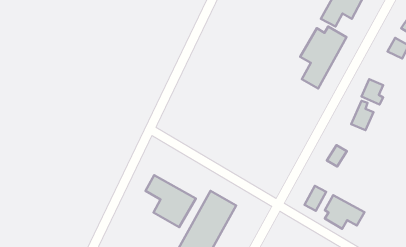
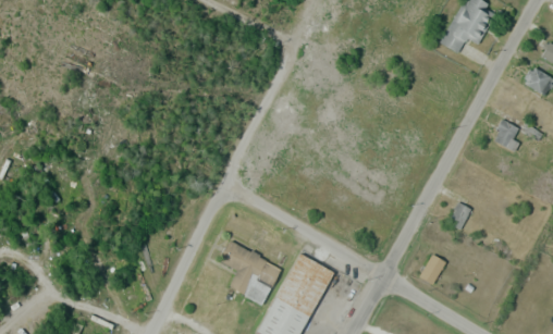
building: [300,27,346,89] -> none
building: [351,101,373,130] -> none
building: [325,195,364,229] -> none

